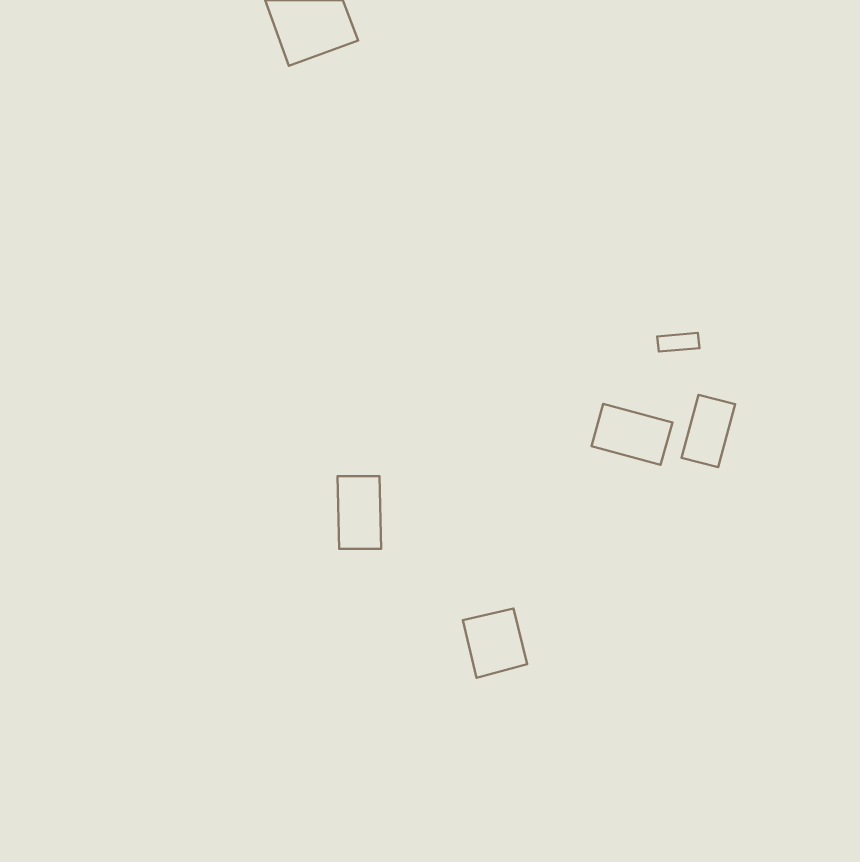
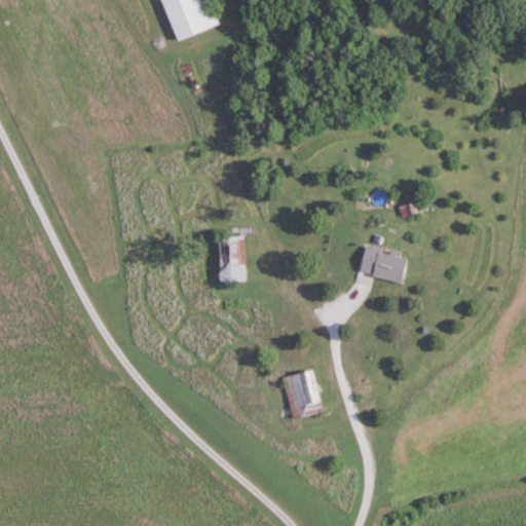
building: [682,395,735,467] -> none
building: [337,476,381,549] -> [218,237,245,281]

